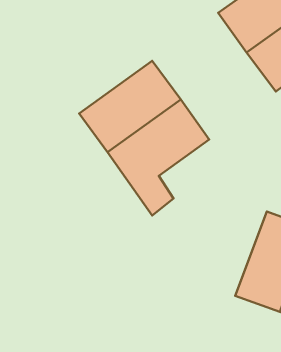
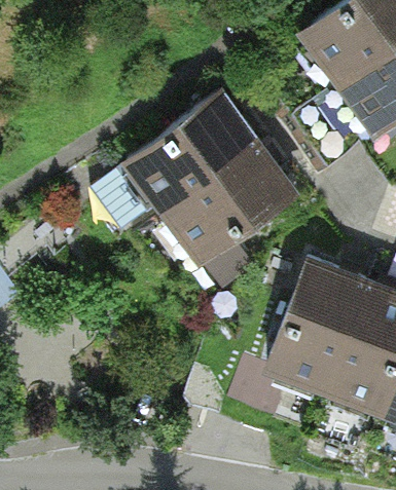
building: none -> [265,263,364,392]

